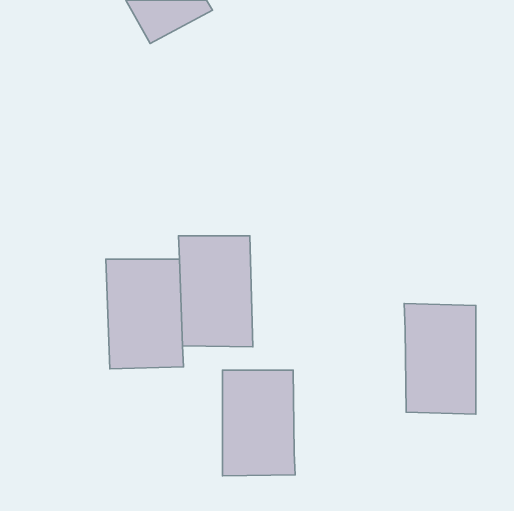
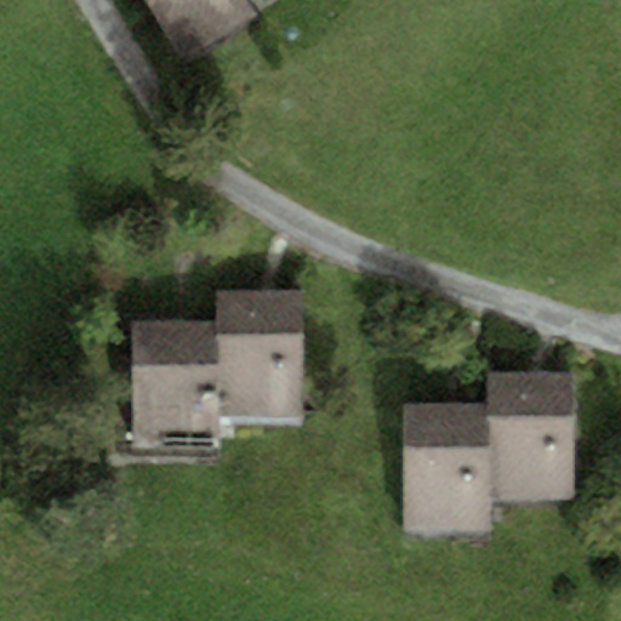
building: [222,370,295,476] -> [404,401,491,529]

